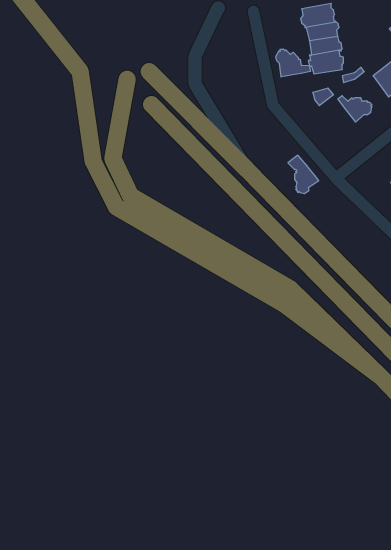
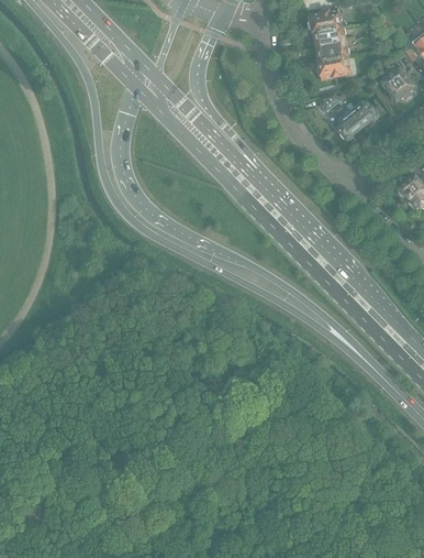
building: [276,49,310,77] -> none
building: [288,155,319,194] -> [332,101,362,140]

